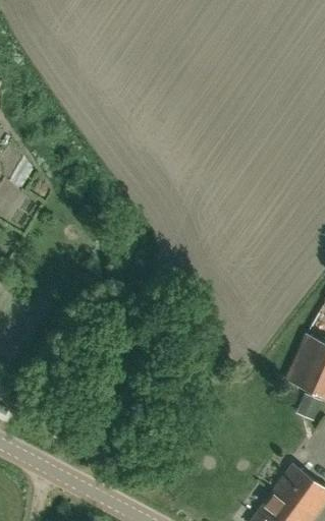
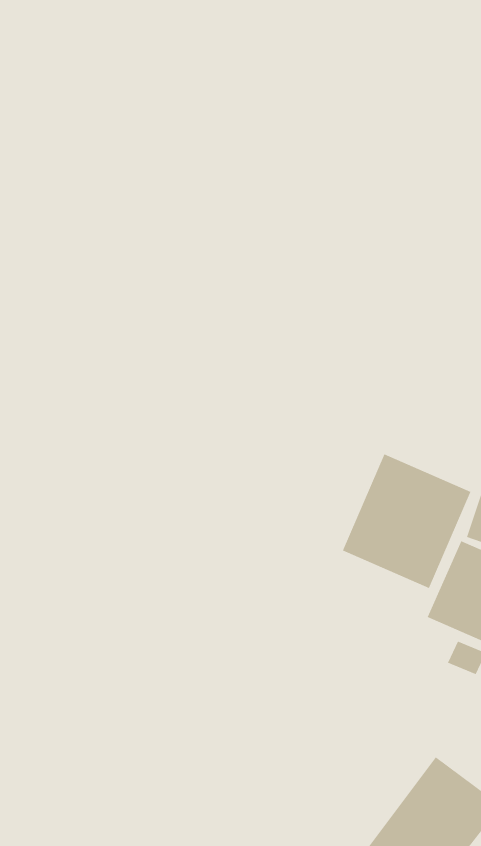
building: none -> [342,453,471,589]

